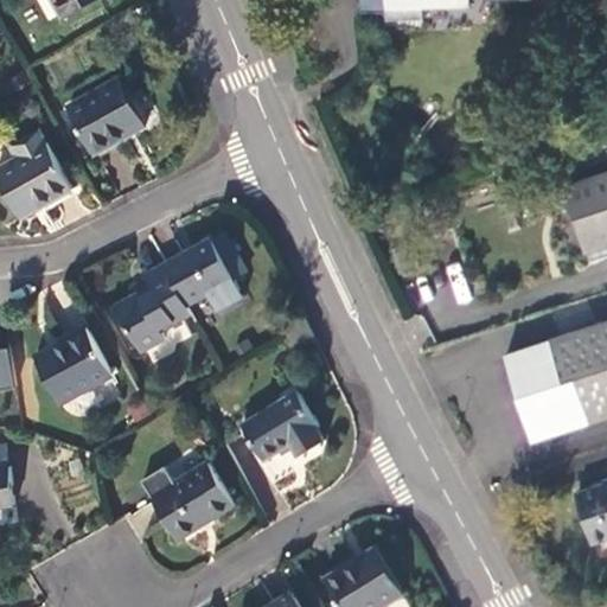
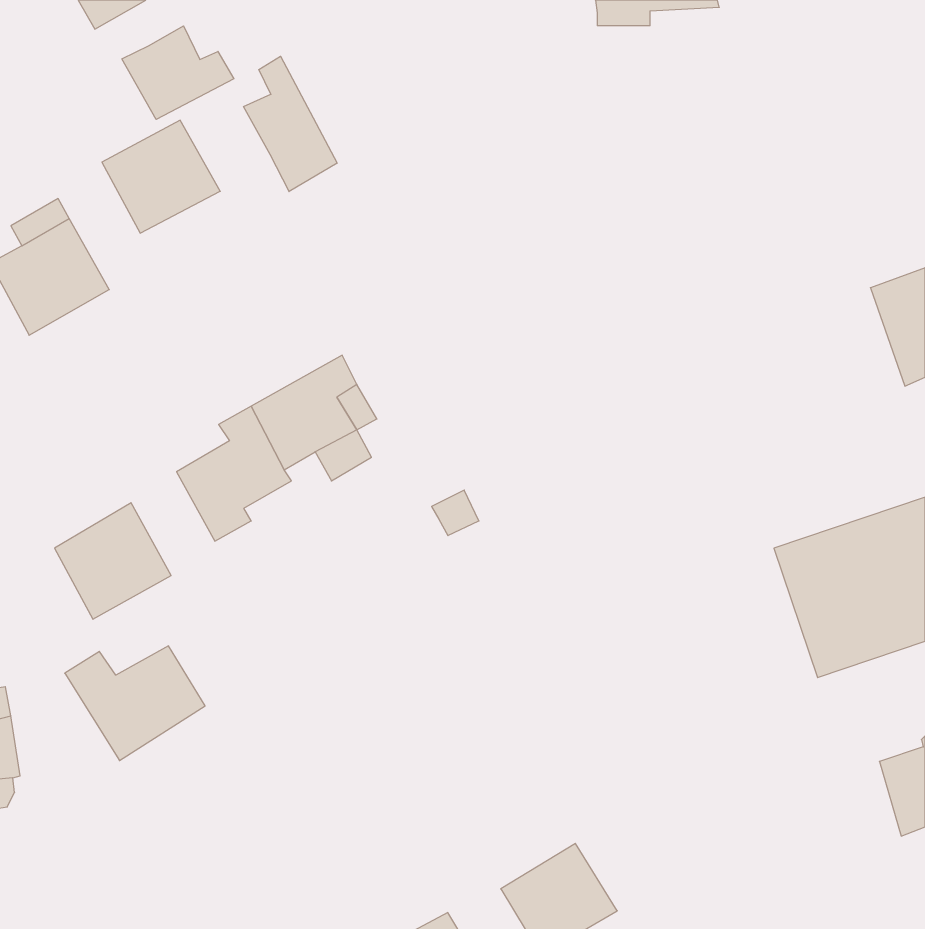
building: none -> [122,26,234,119]
building: none -> [244,56,337,192]
building: [242,392,326,461] -> none
building: [142,465,234,539] -> [65,646,205,761]

